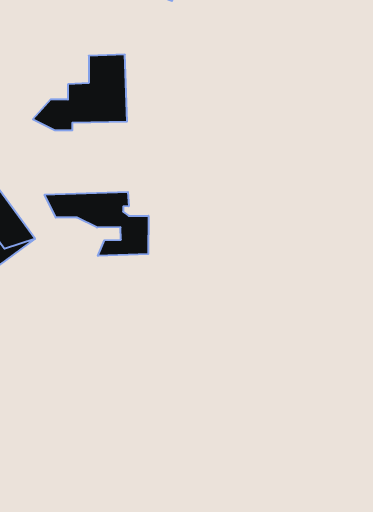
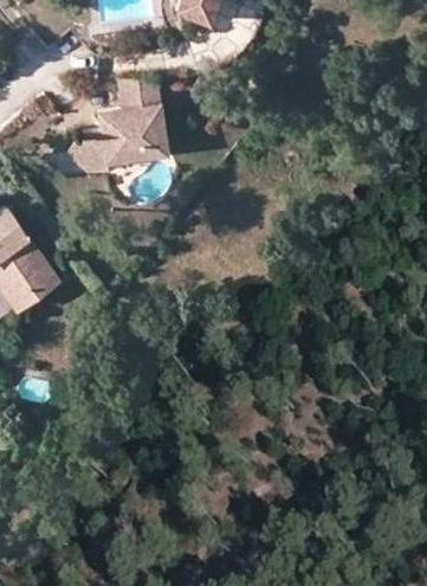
building: [45,192,148,256] -> none

